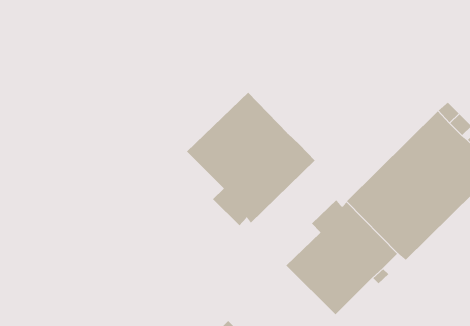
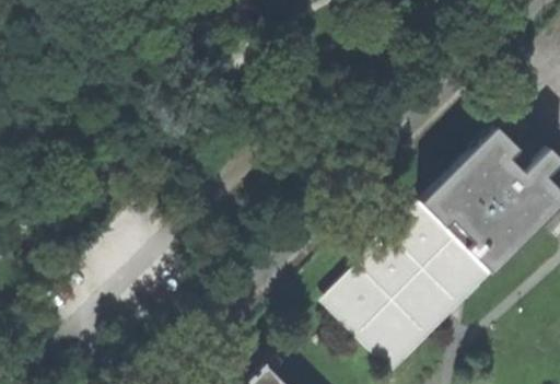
building: [186,92,315,226] -> none

